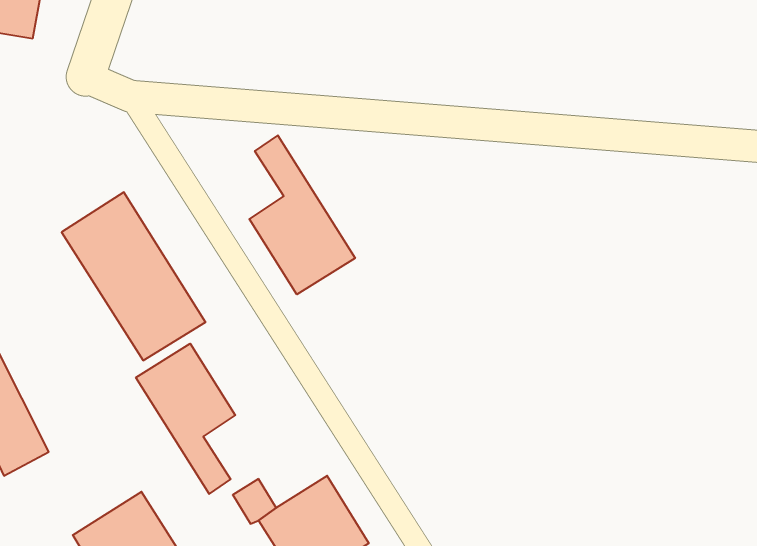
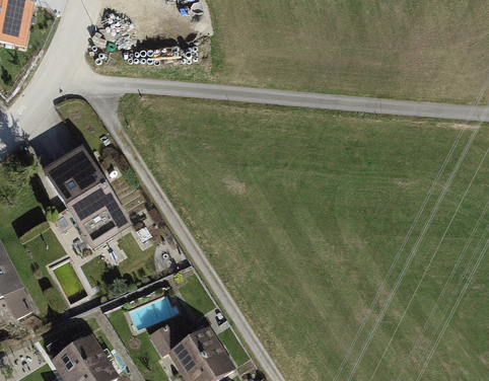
building: [249,135,355,294] -> none
building: [136,344,235,494] -> none

